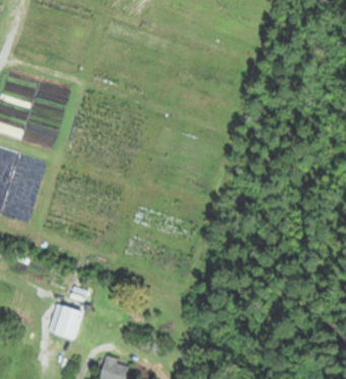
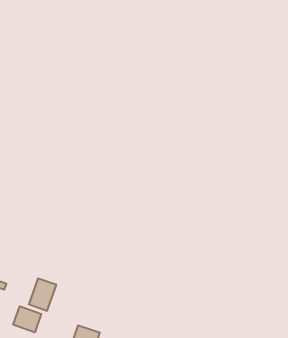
building: none -> [13,306,41,332]

